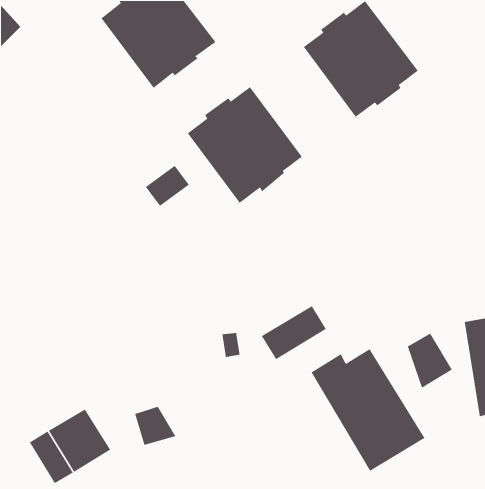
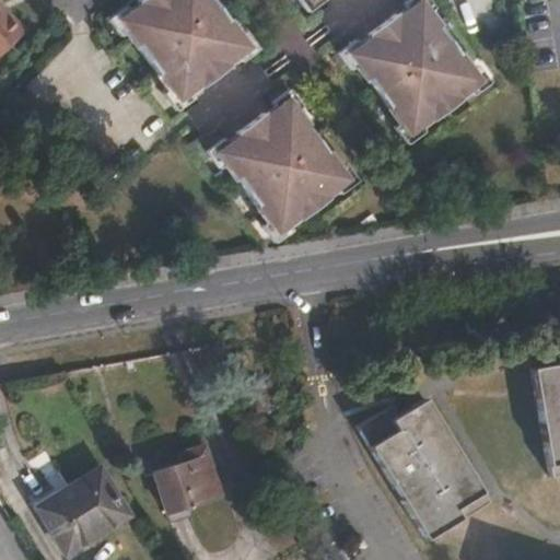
building: [145,165,190,207] -> none
building: [261,305,327,360] -> none
building: [407,333,453,389] -> none
building: none -> [185,446,222,499]

